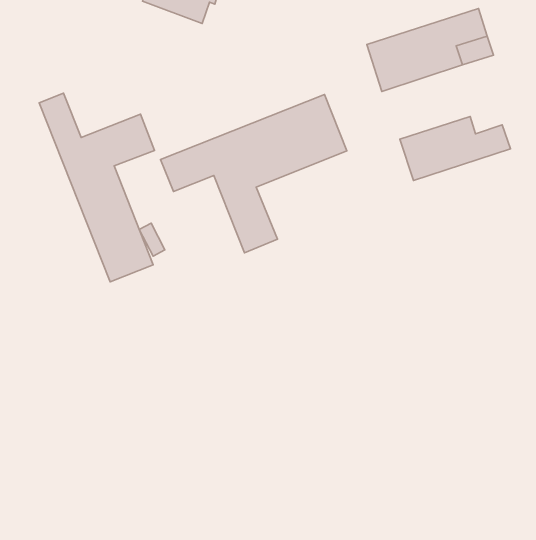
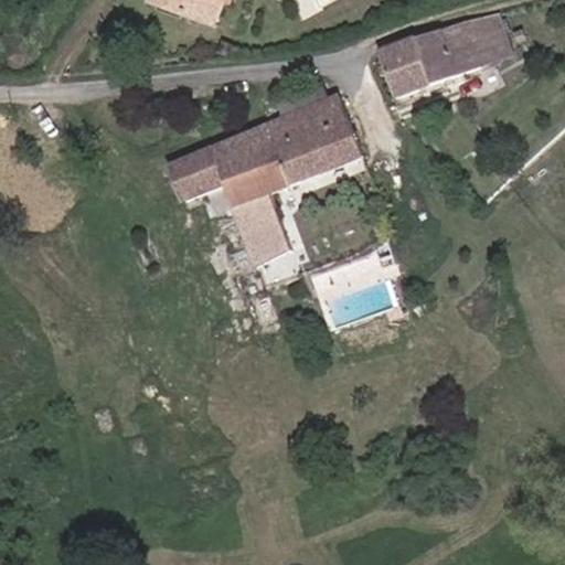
building: [39,93,154,282] -> none
building: [400,117,510,180] -> none

